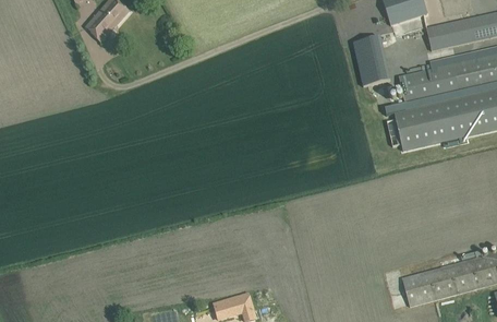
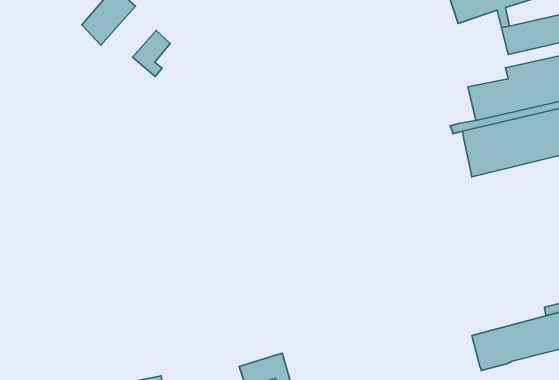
building: none -> [133,31,170,77]
building: [353,36,390,86] -> none

